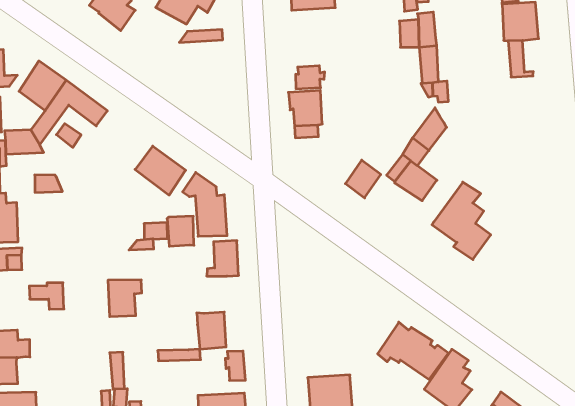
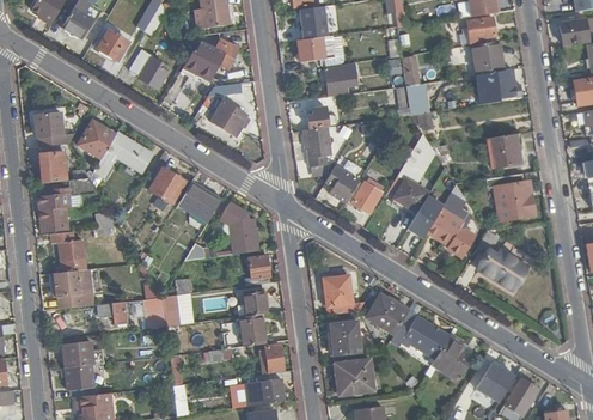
building: none -> [318,61,356,93]
building: none -> [490,68,522,98]
building: none -> [209,98,247,134]
building: none -> [485,133,521,166]
building: none -> [149,166,185,202]
building: none -> [324,164,360,203]
building: none -> [484,172,536,220]
building: [167,216,194,246] -> [240,291,264,317]
building: none -> [476,230,525,288]
building: none -> [322,276,353,308]
building: none -> [142,296,166,328]
building: none -> [365,293,408,334]
building: none -> [328,322,359,357]

